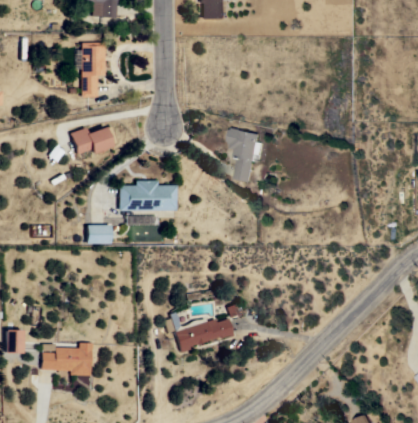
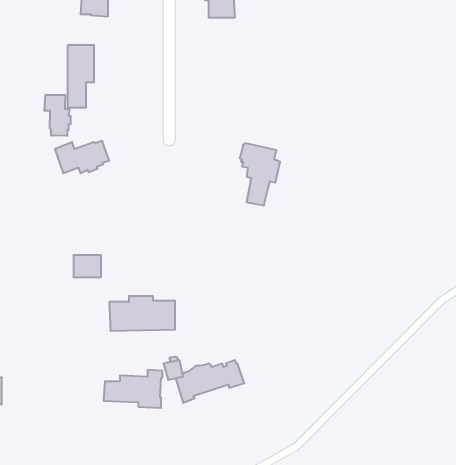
building: none -> [45,95,71,136]
building: [118,181,175,211] -> [109,296,175,331]
building: [40,343,91,376] -> [104,370,162,408]

